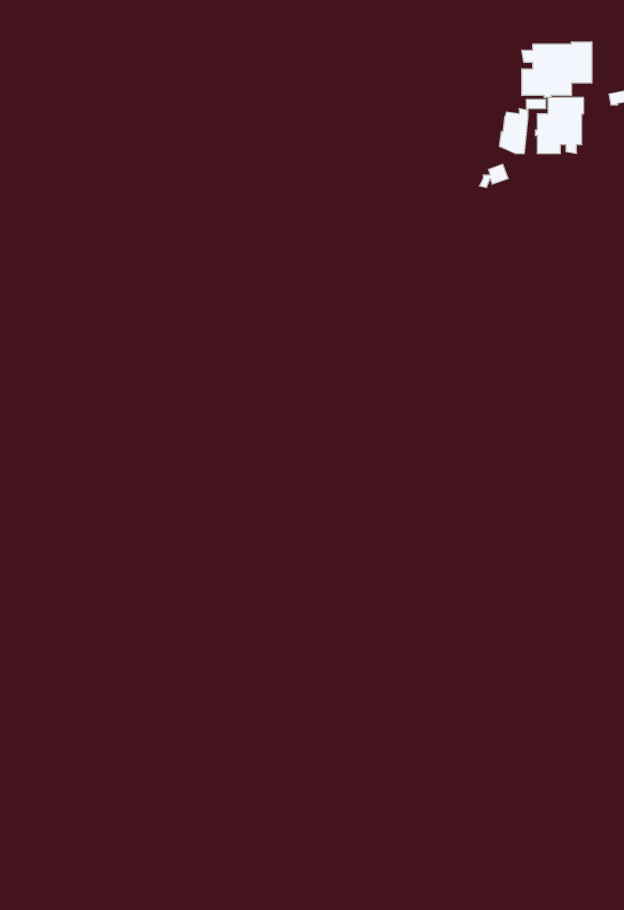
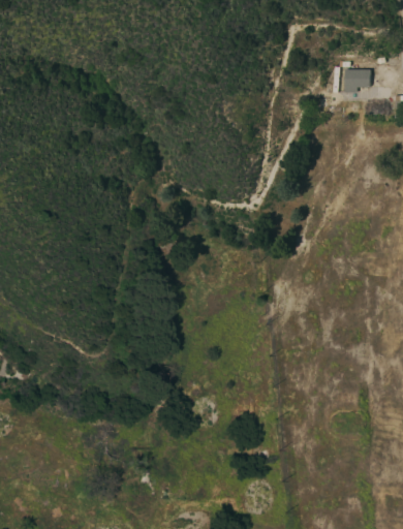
building: [522,42,592,98] -> none

